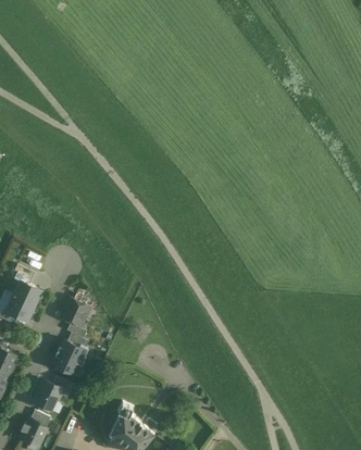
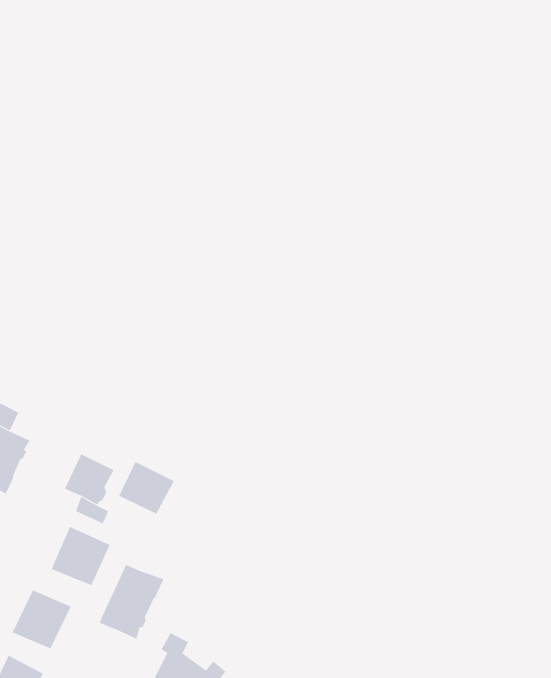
building: none -> [118,461,174,515]
building: none -> [100,564,164,640]

